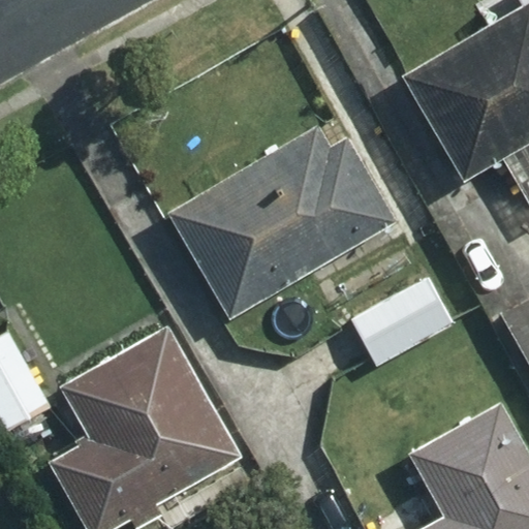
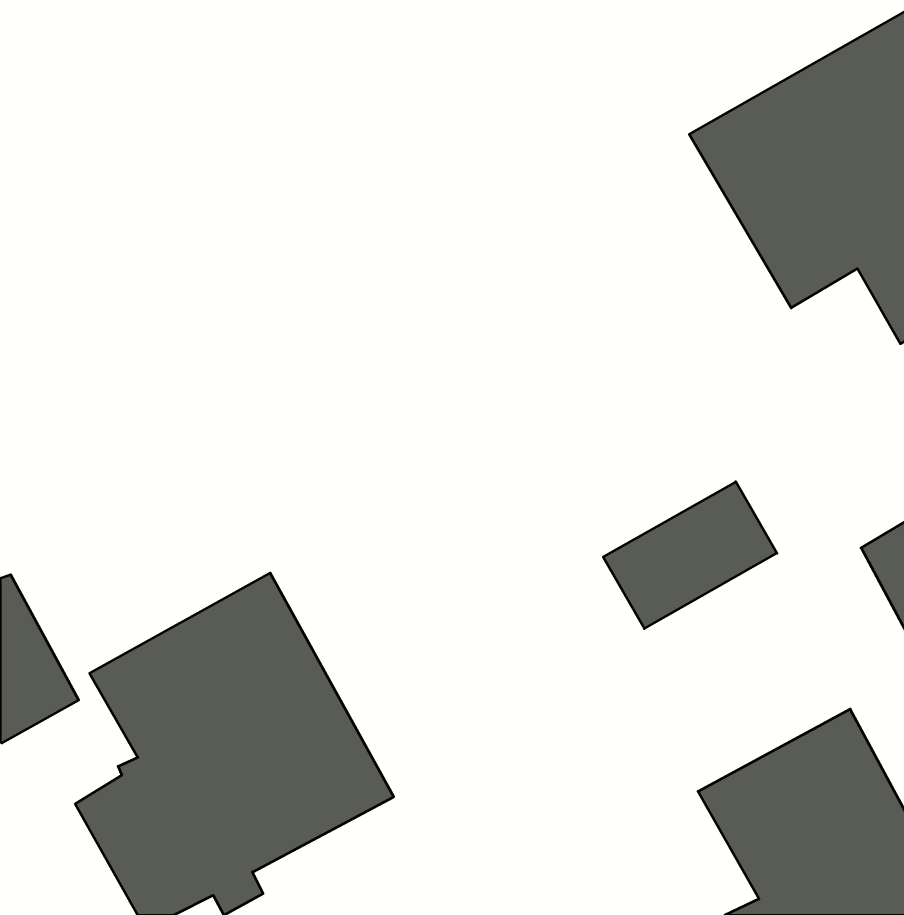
building: [169,130,390,314] -> none

